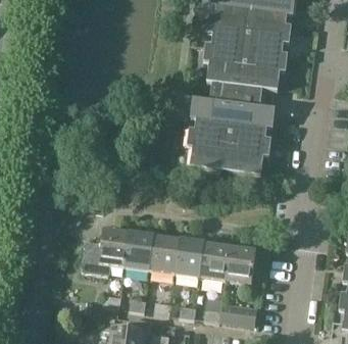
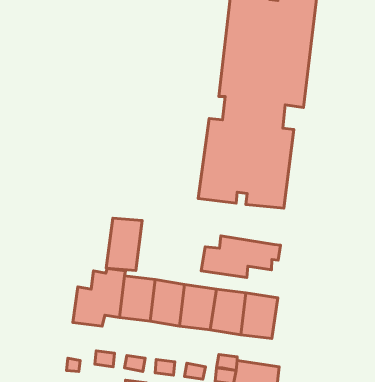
building: none -> [106,218,142,270]
building: none -> [201,236,281,278]

